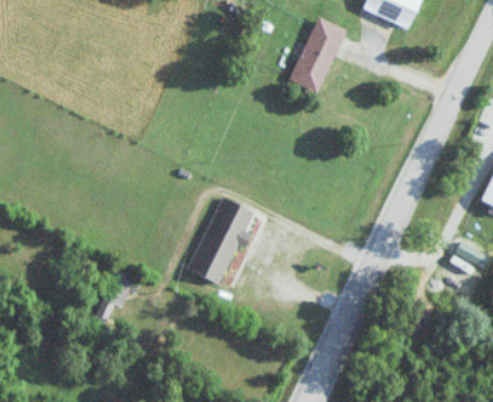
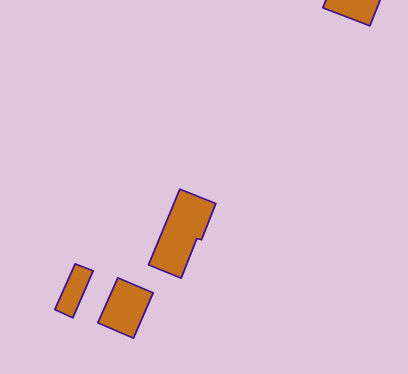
building: [291,18,345,94] -> none
building: none -> [98,278,153,338]

